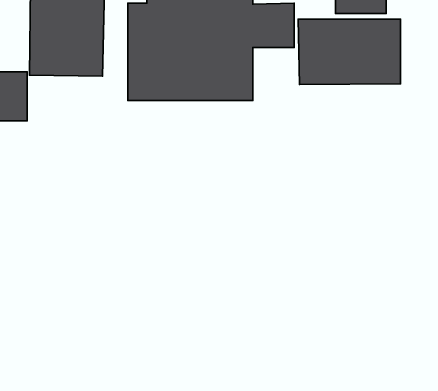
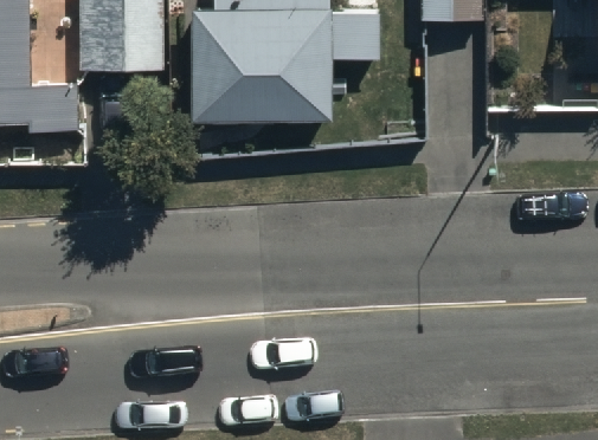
building: [298,19,401,84] -> none

